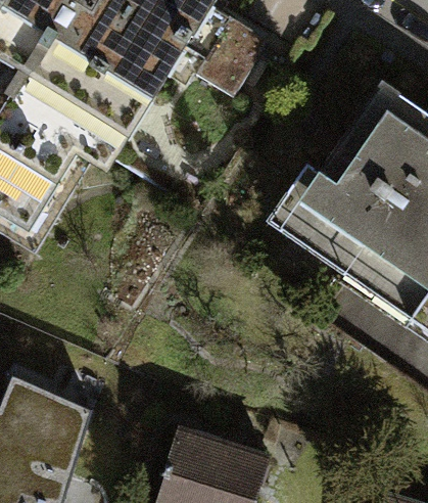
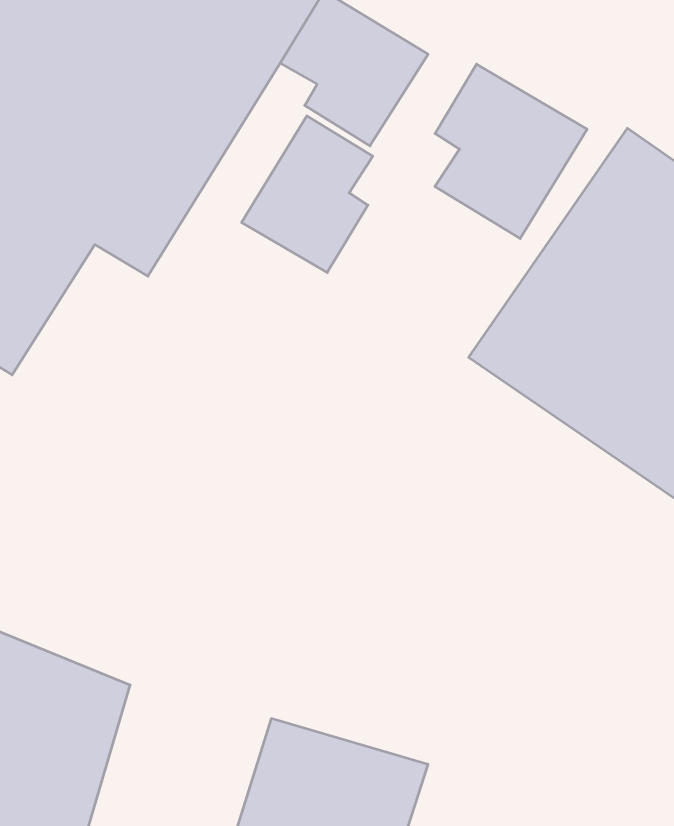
building: none -> [435,64,587,239]
building: none -> [242,116,373,273]

